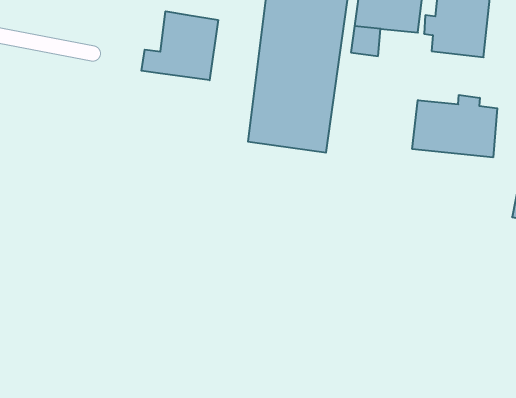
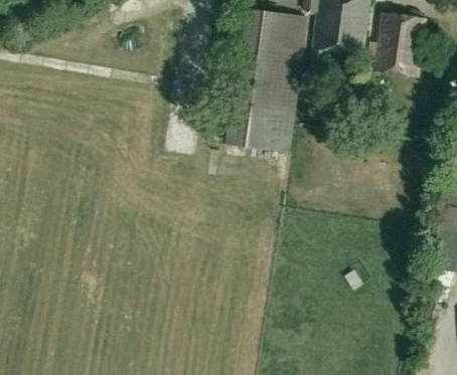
building: [141,11,218,80] -> none
building: [412,95,497,157] -> none

